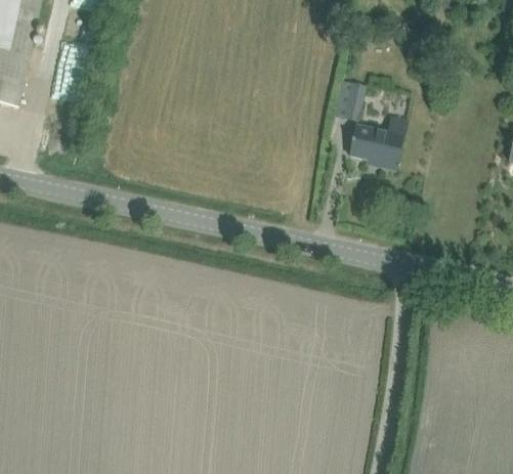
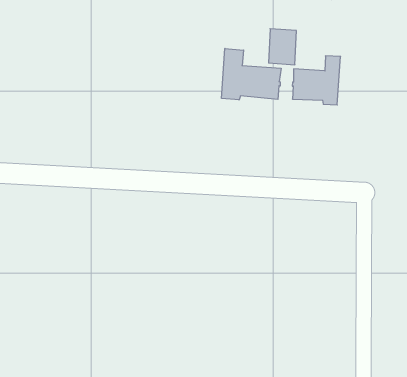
building: none -> [222,48,281,100]

